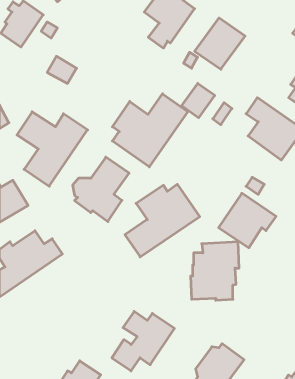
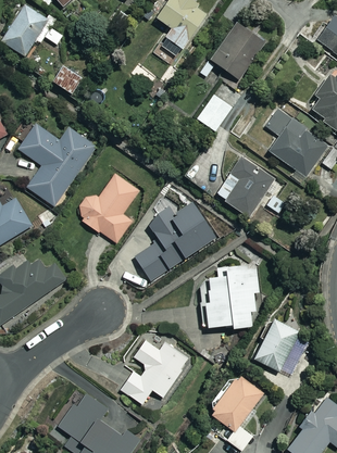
building: [112,94,188,167] -> none
building: [219,193,276,248] -> [216,158,278,216]
building: none -> [254,317,305,377]

